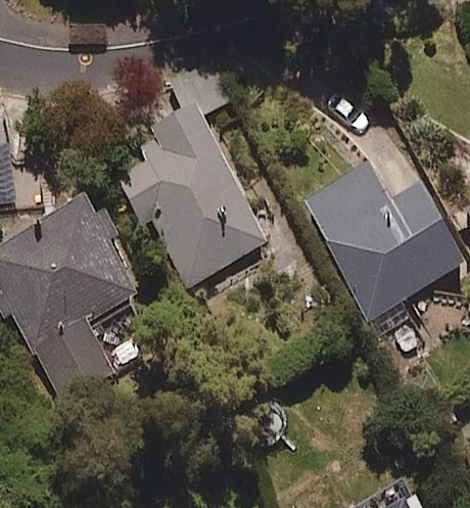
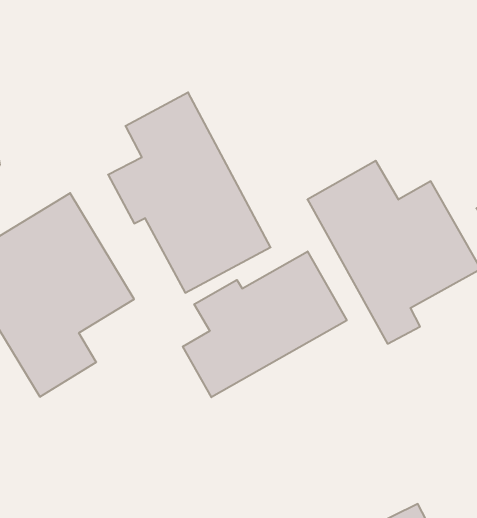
building: none -> [183,251,347,397]

